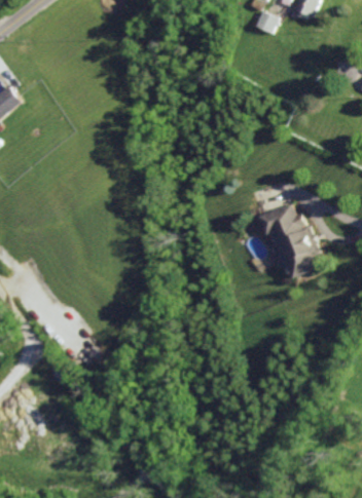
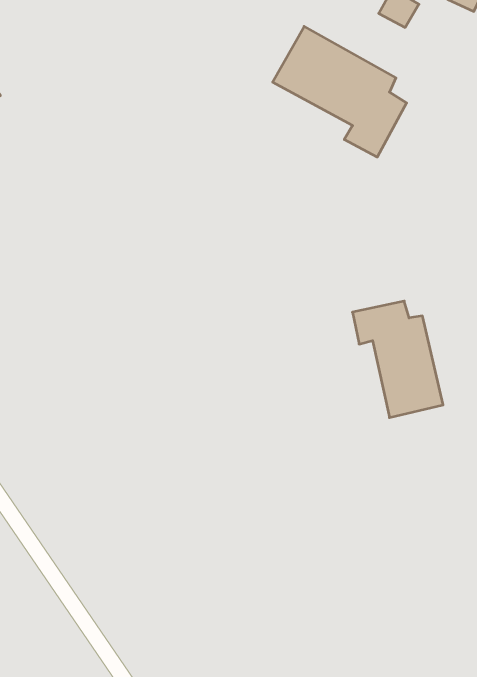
building: none -> [273,26,407,157]

